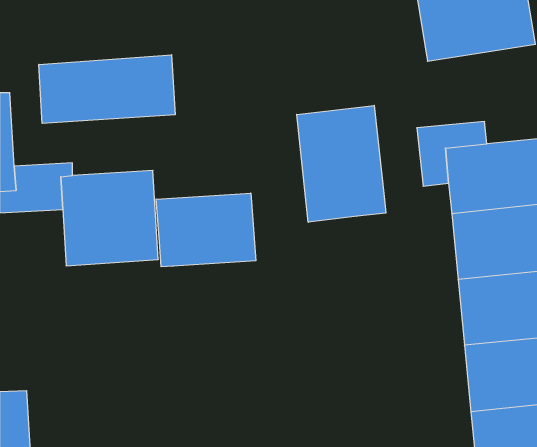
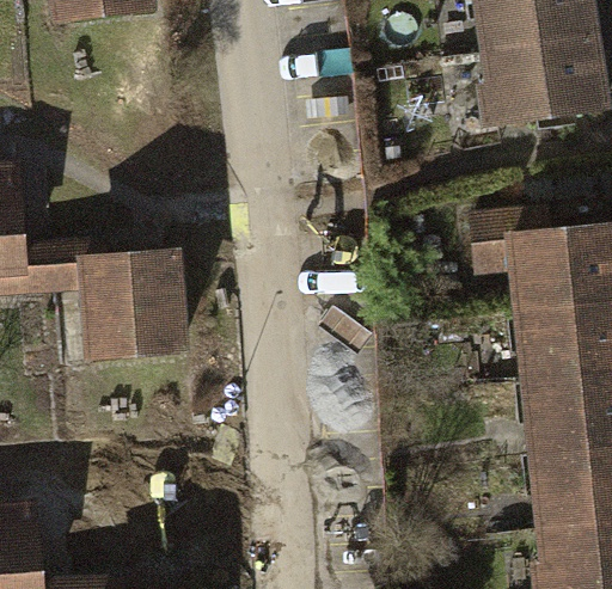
building: [39,55,175,123] -> none
building: [297,105,386,222] -> none
building: [156,193,256,267] -> none

